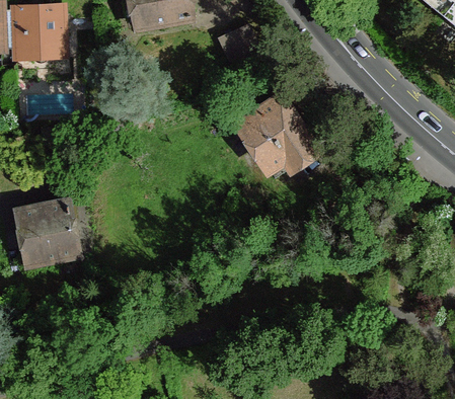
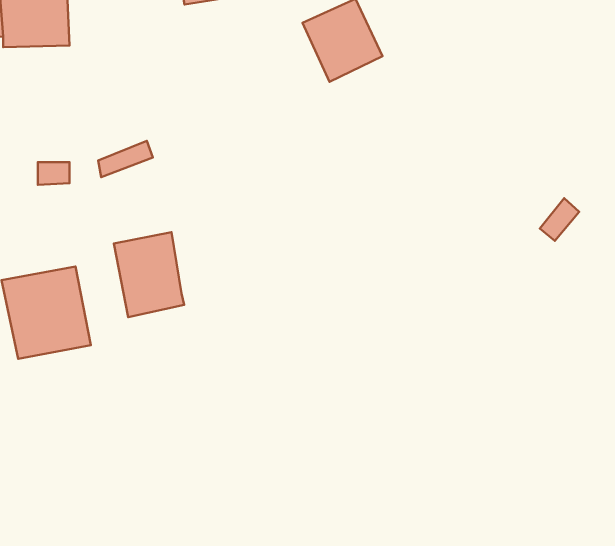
building: [241,99,316,179] -> none
building: none -> [114,232,184,317]

